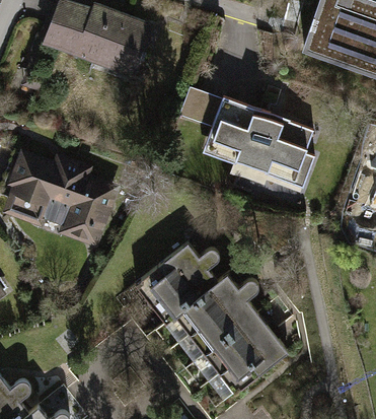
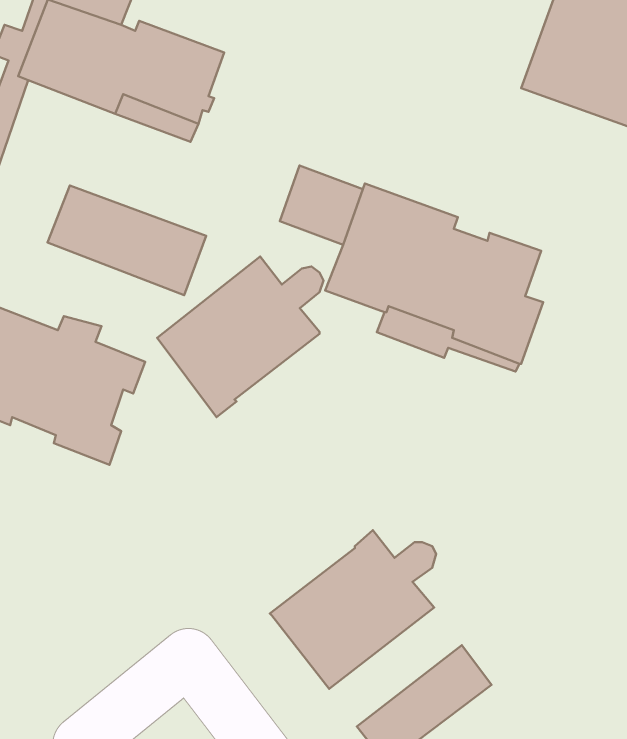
building: none -> [47,185,206,295]
building: [136,243,221,326] -> [157,257,324,417]
building: [206,313,274,374] -> none

